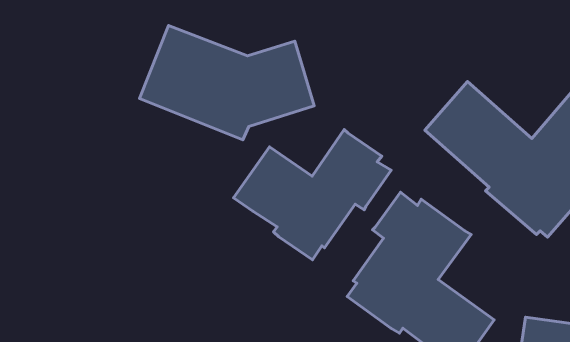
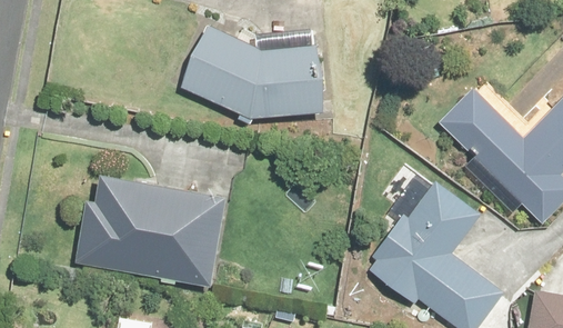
building: [234,130,391,260] -> none
building: none -> [63,172,215,297]

